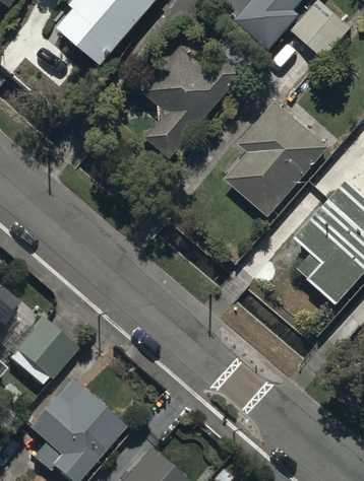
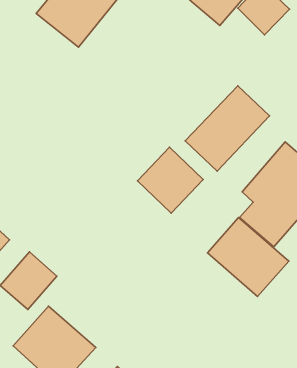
building: [145,46,233,155] -> none
building: none -> [137,147,203,213]
building: none -> [207,217,289,297]

